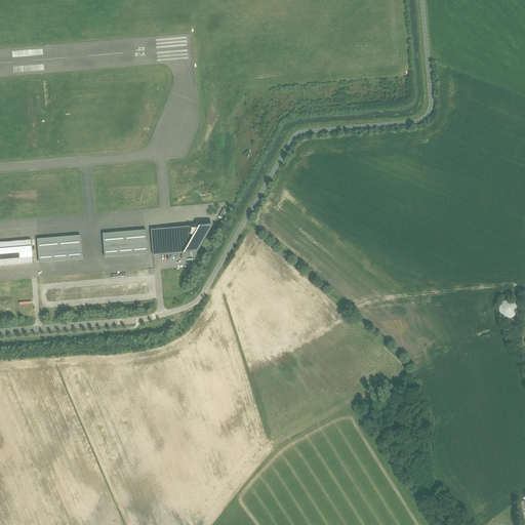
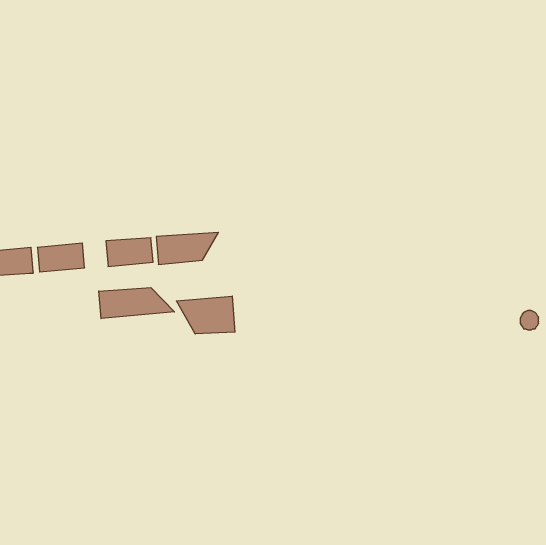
building: none -> [99,288,174,319]
building: none -> [176,296,235,334]

